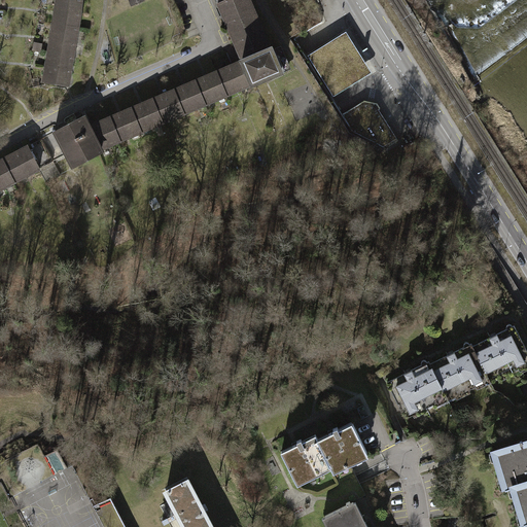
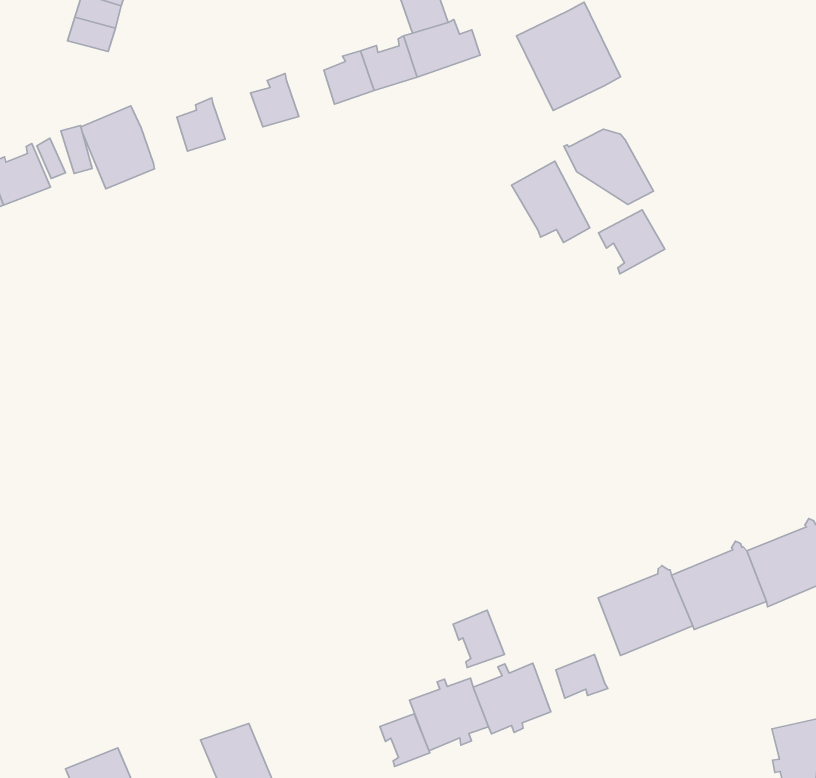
building: [174,82,204,114] -> none
building: [132,99,163,132] -> none
building: [91,118,119,150] -> none
building: none -> [511,161,590,243]
building: none -> [598,210,665,274]
building: none -> [453,610,505,668]
building: none -> [556,654,608,698]
building: none -> [380,714,430,766]

